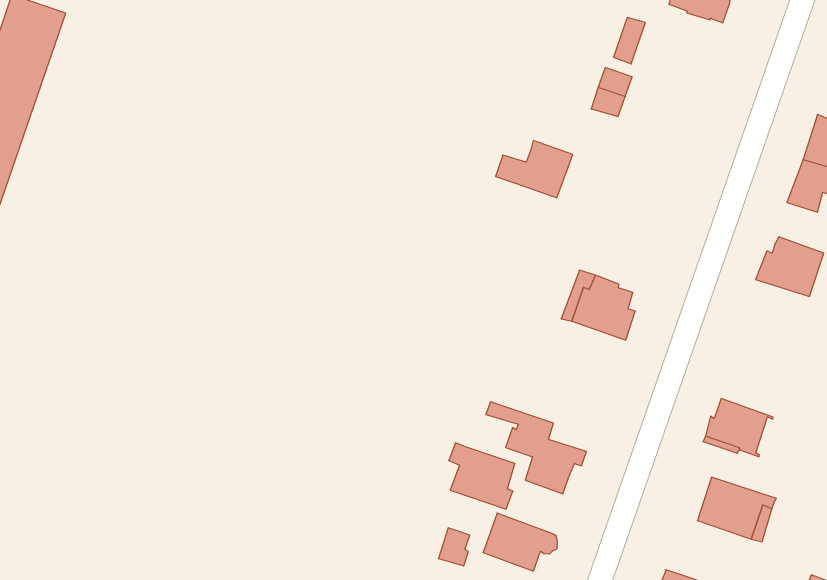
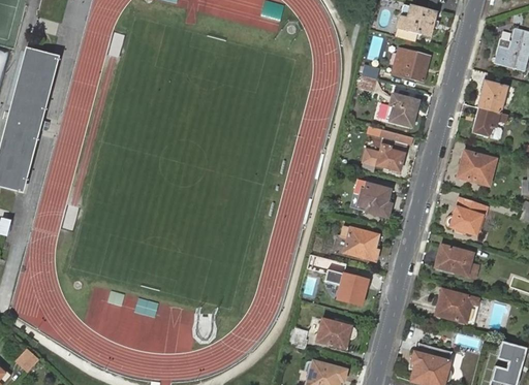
building: none -> [393,47,430,81]
building: none -> [388,94,417,126]
building: [496,141,573,198] -> [364,139,406,170]
building: none -> [447,198,487,233]
building: [449,443,515,509] -> [341,225,378,260]

